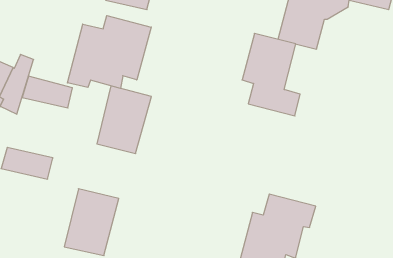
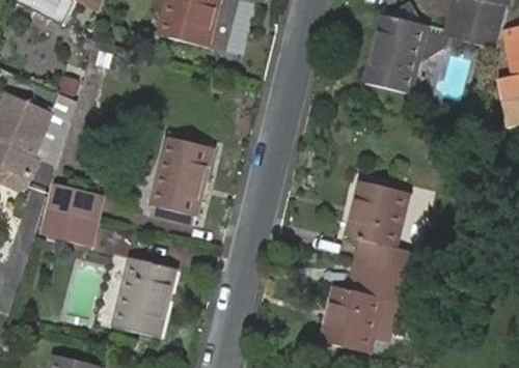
building: [67,16,151,88] -> none
building: [242,33,300,116] -> [347,181,415,279]
building: [22,76,72,108] -> [45,185,104,222]

